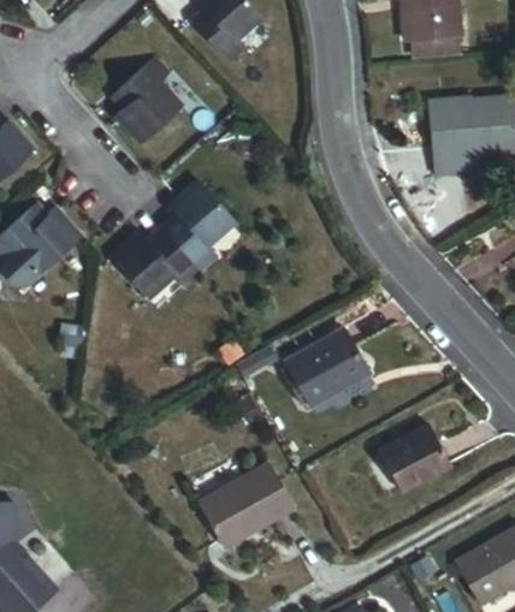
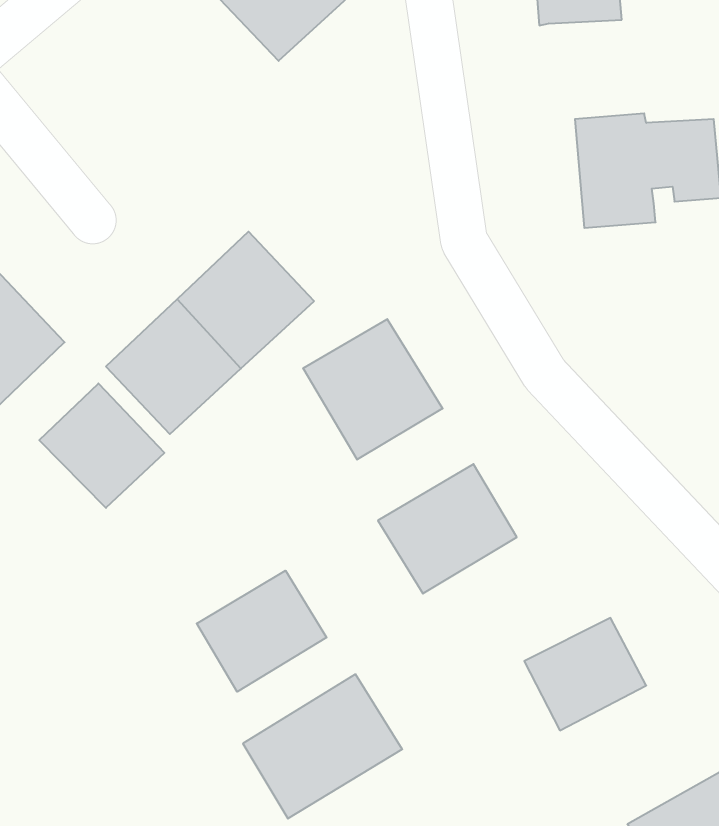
building: [107,64,191,148] -> none
building: none -> [303,319,443,460]
building: none -> [39,383,164,508]
building: none -> [197,571,327,692]

